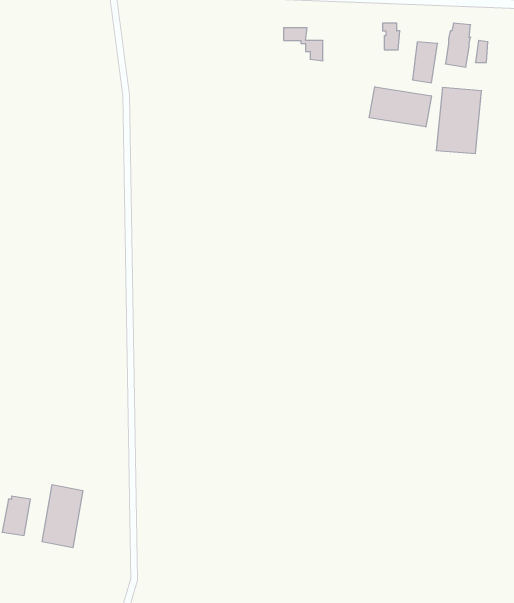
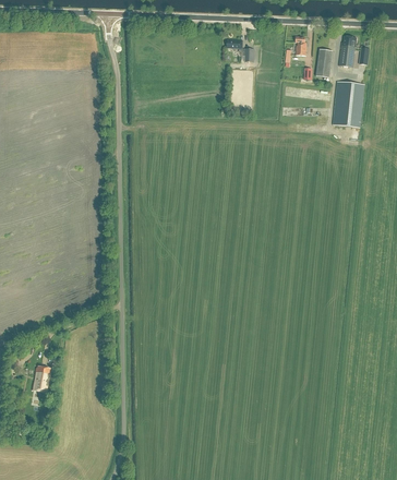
building: [369,87,431,127] -> none
building: [42,485,83,548] -> none

